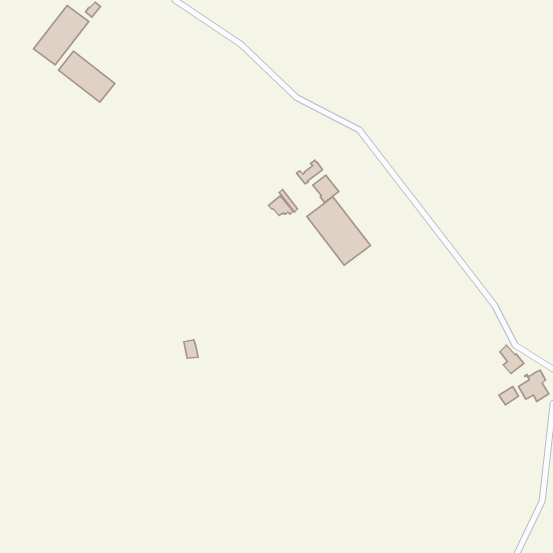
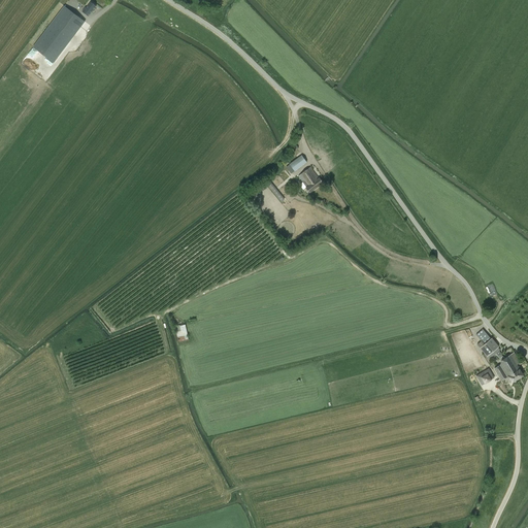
building: [58,51,115,102] -> none
building: [307,197,370,265] -> none

